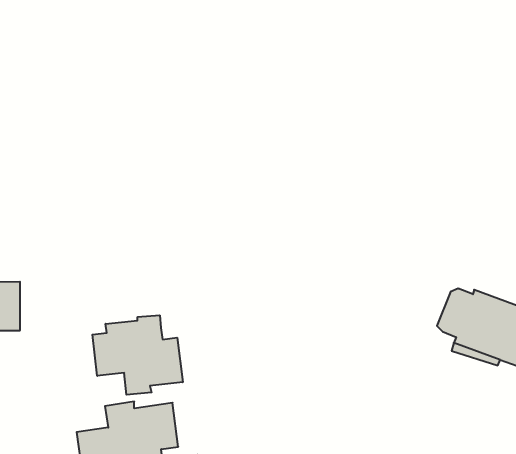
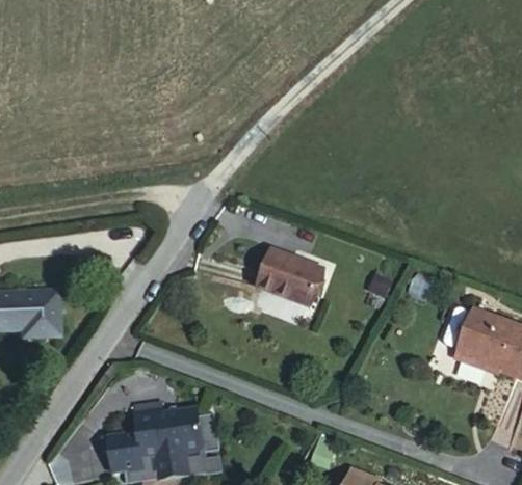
building: none -> [260,249,328,306]
building: [92,315,183,395] -> none

